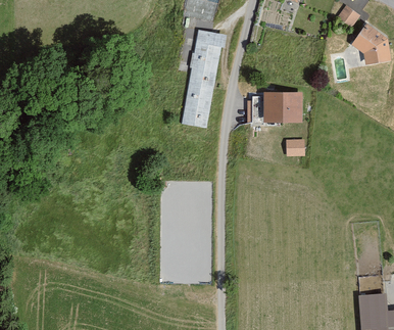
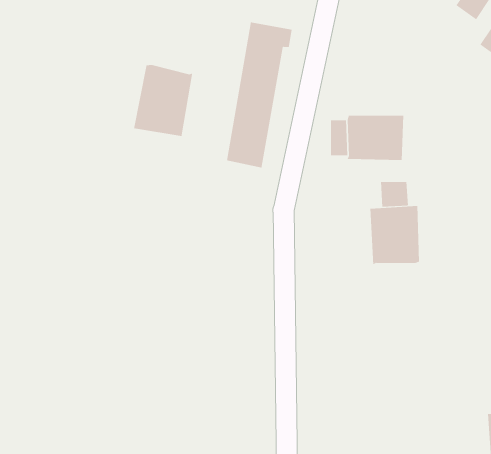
building: none -> [133,64,193,137]
building: none -> [370,205,419,265]

